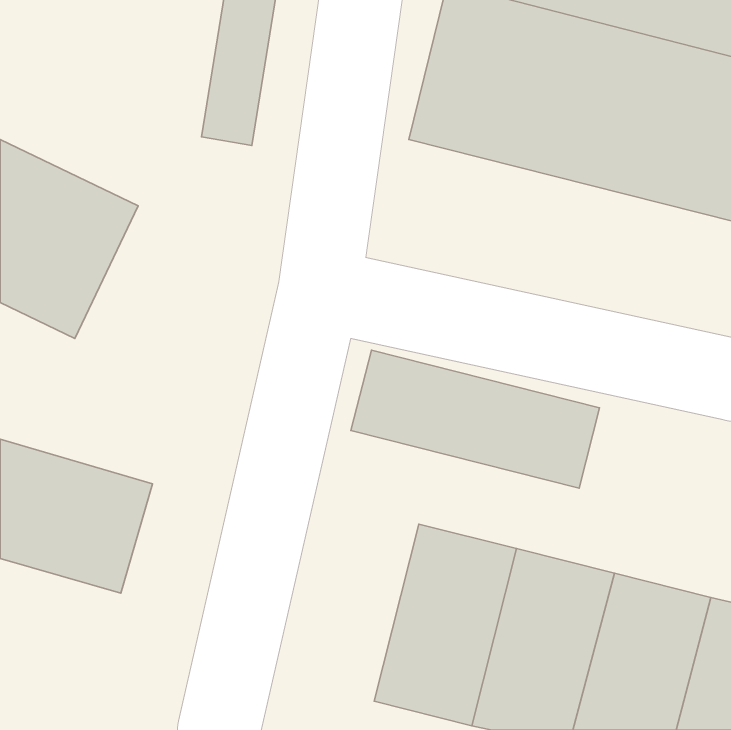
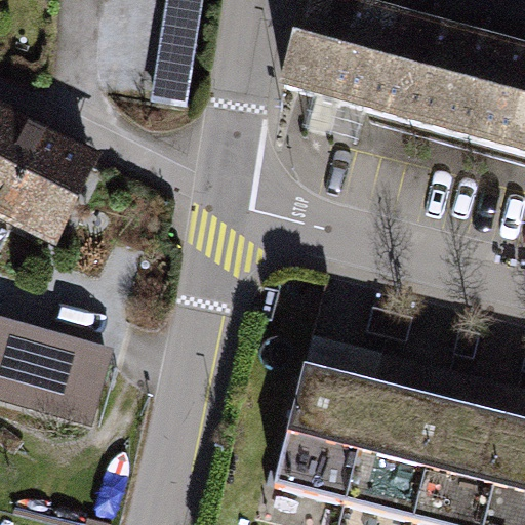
building: [351,350,600,488] -> none

